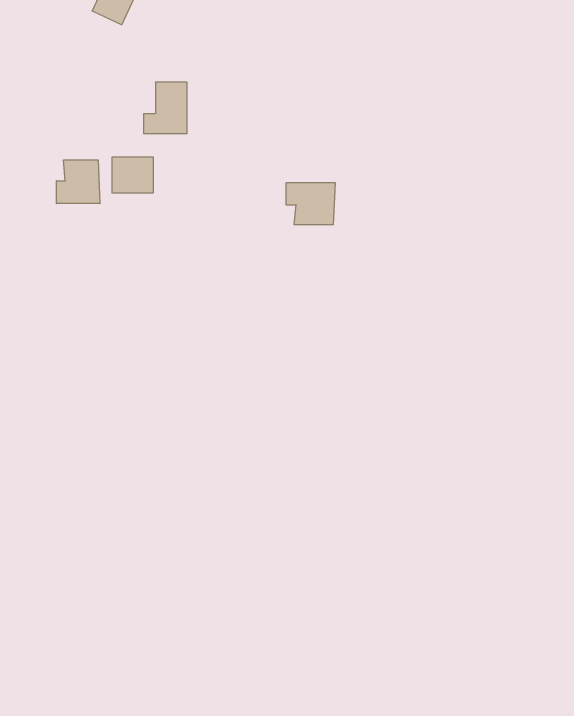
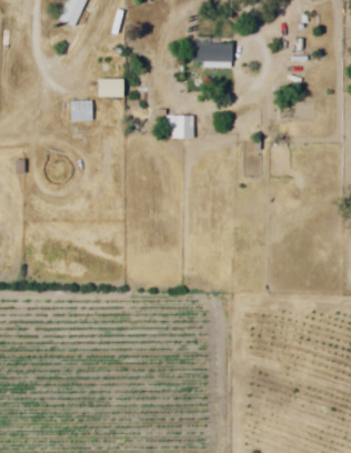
building: none -> [191,43,233,68]
building: [57,160,100,204] -> none

